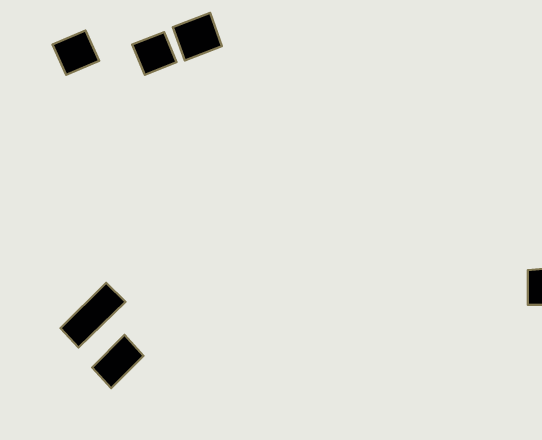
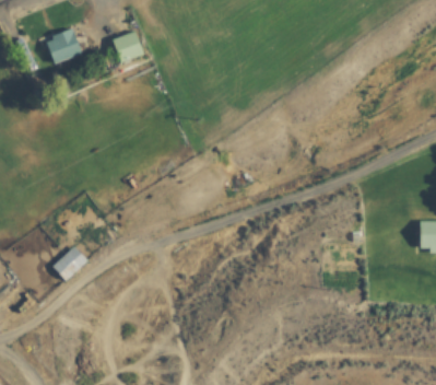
building: [173,13,222,61] -> none
building: [92,335,144,388] -> none

